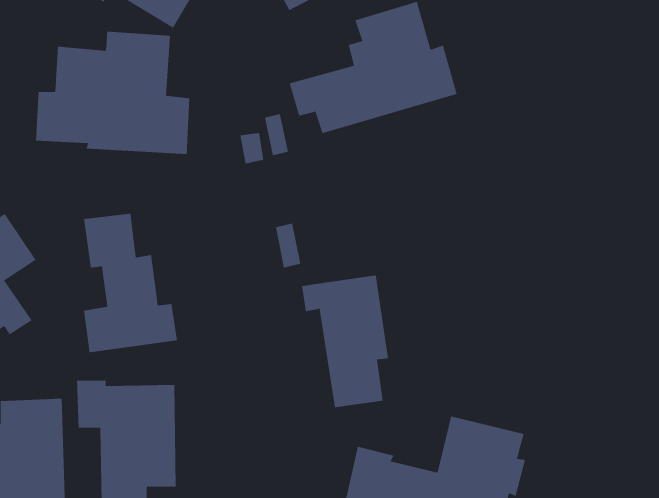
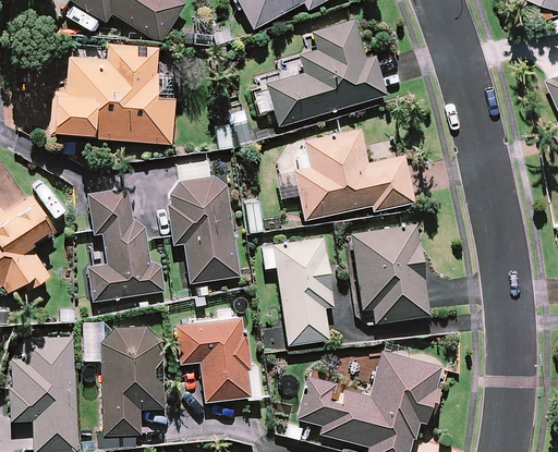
building: none -> [278,131,413,221]
building: none -> [168,176,238,283]
building: none -> [351,225,429,323]
building: none -> [177,319,251,402]

